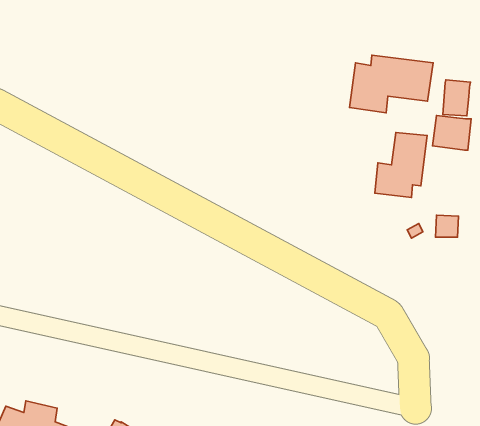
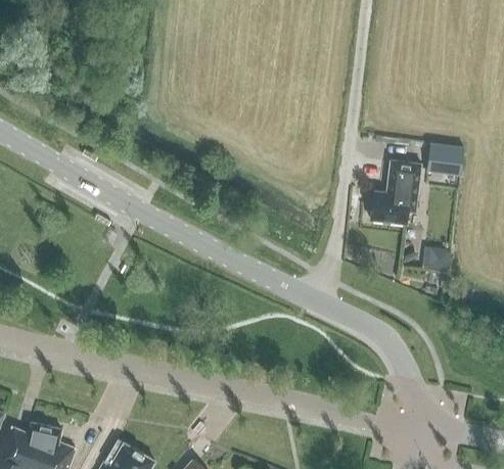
building: [349,55,433,113] -> none
building: [443,80,470,116] -> none

